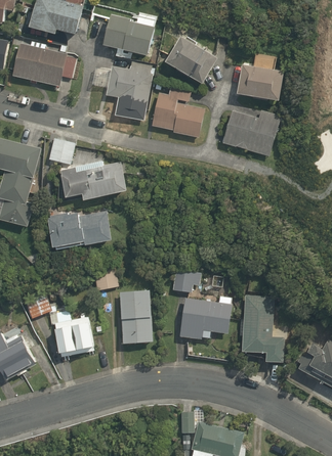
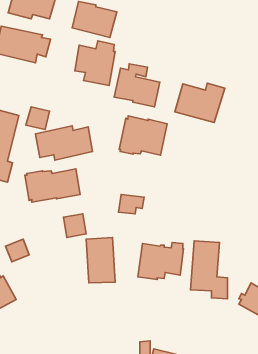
building: [164,37,217,86] -> none
building: [236,53,284,102] -> none
building: none -> [119,116,167,155]
building: [172,270,202,292] -> [119,195,144,214]
building: [54,317,94,357] -> none

